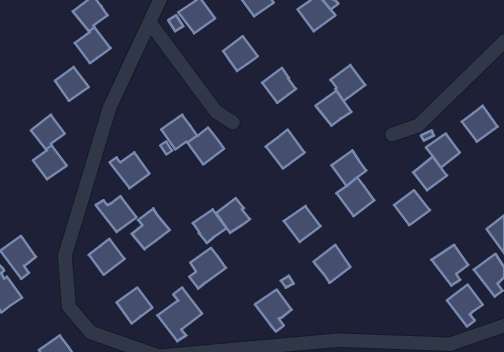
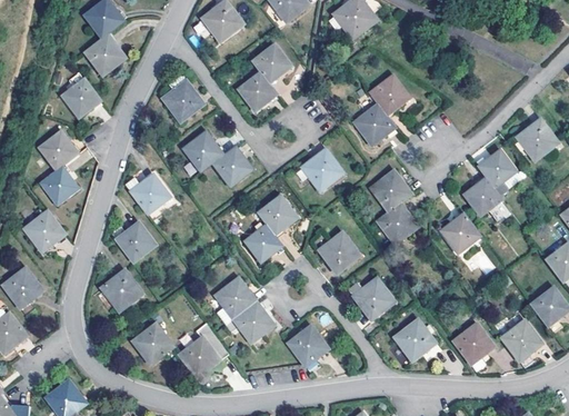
building: [262,68,296,103] -> [237,71,274,110]
building: none -> [162,81,203,121]
building: none -> [24,211,64,251]
building: [132,208,170,249] -> none
building: [193,209,227,243] -> [259,198,297,236]
building: [431,245,468,286] -> [452,325,493,370]
building: none -> [231,303,272,345]
building: none -> [395,320,436,360]

